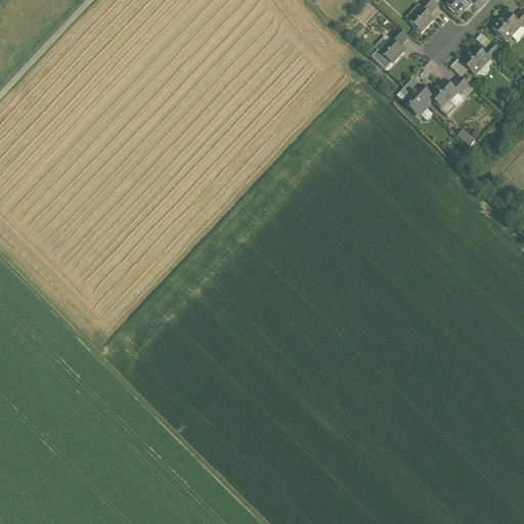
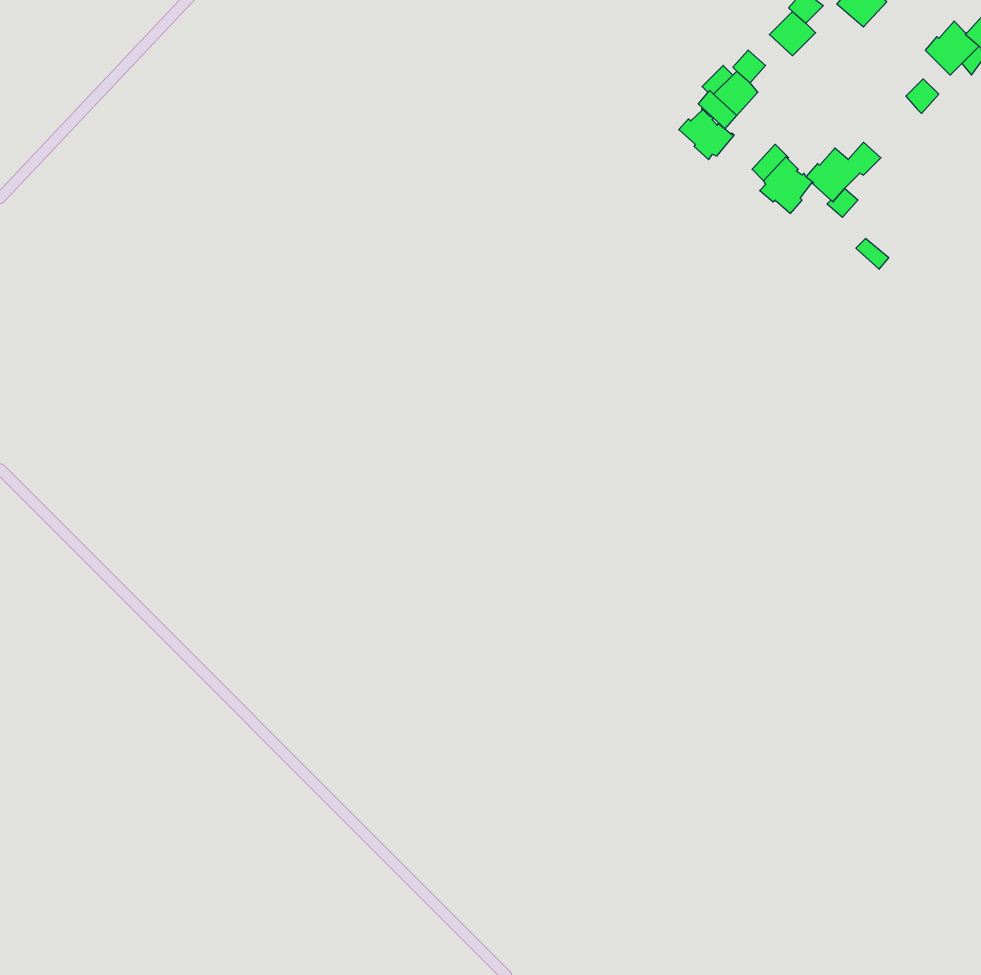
building: [462,45,489,74] -> none
building: none -> [679,108,734,160]

